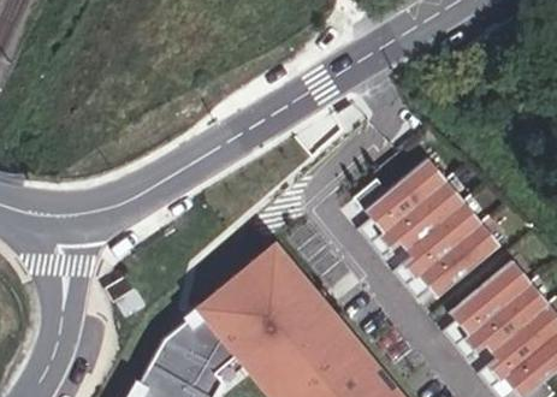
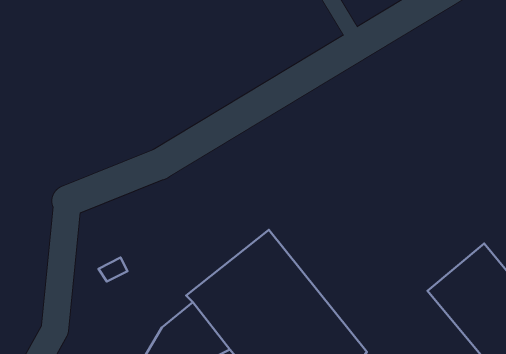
building: [361,158,493,296] -> none

